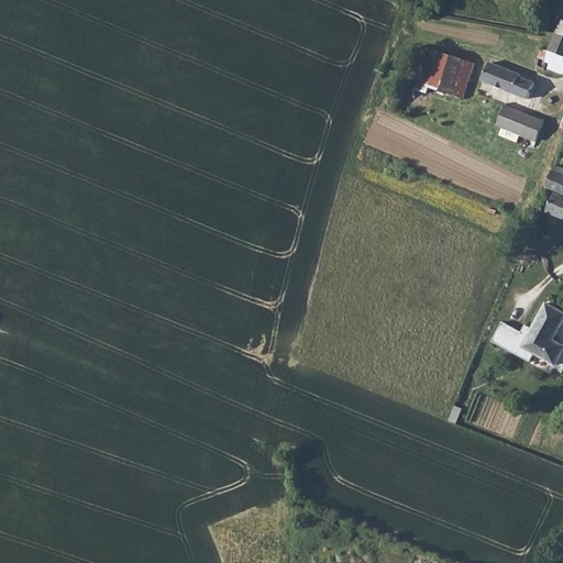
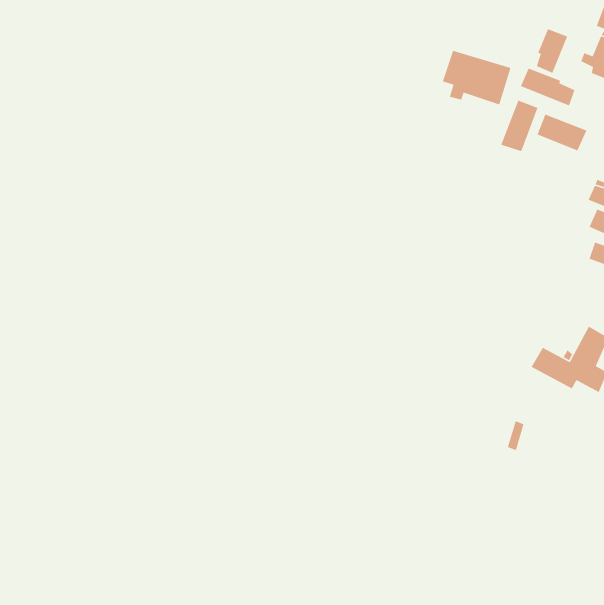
building: none -> [536,28,568,74]
building: none -> [500,100,539,152]

